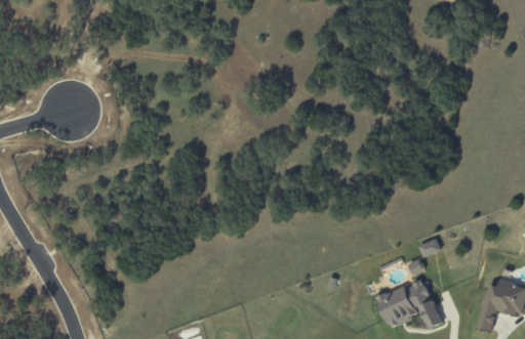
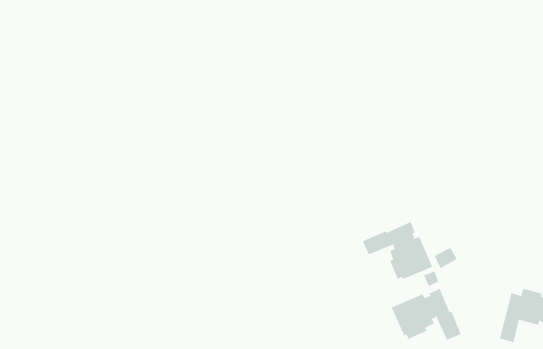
building: none -> [362,221,433,280]

